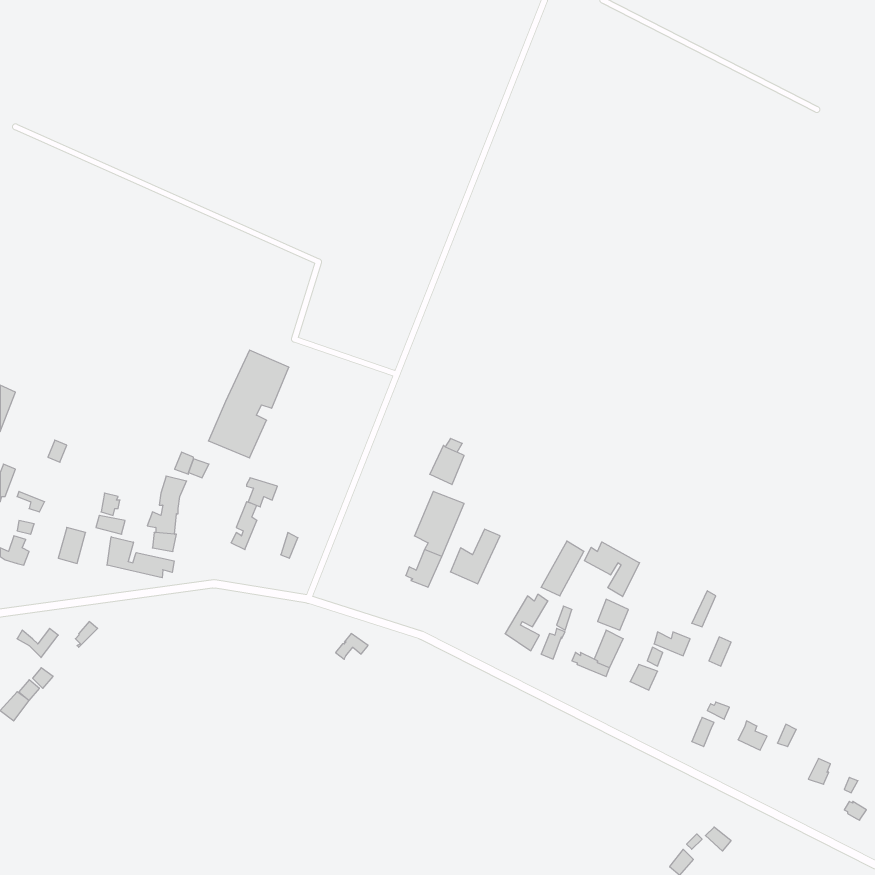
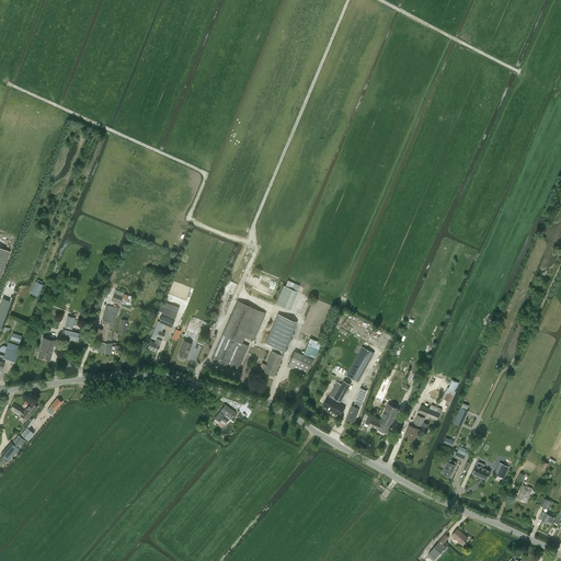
building: [208,350,289,458] -> [211,301,263,370]
building: [107,537,174,578] -> none
building: [585,542,640,597] -> none

